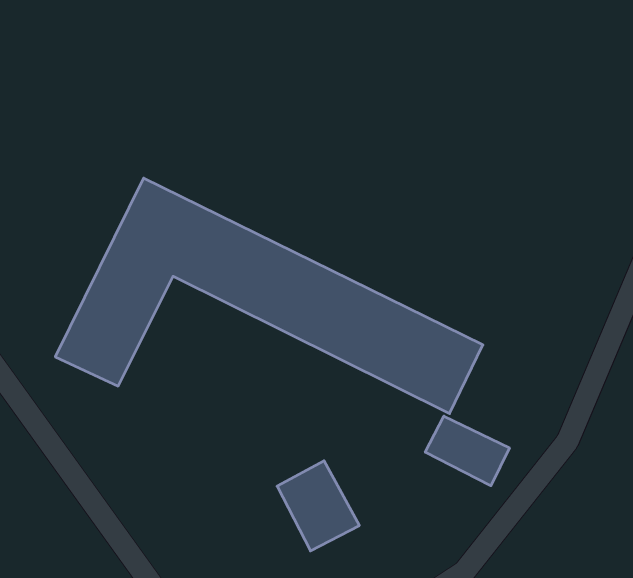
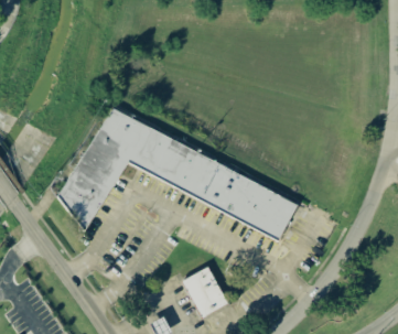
building: [425,416,509,486] -> none

